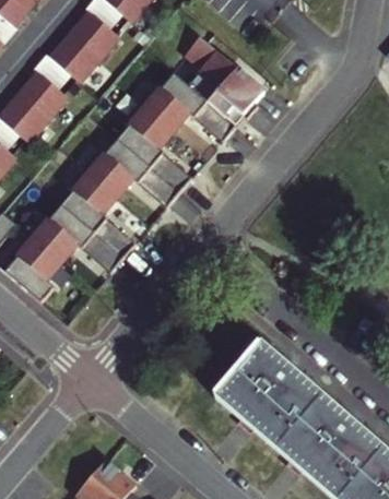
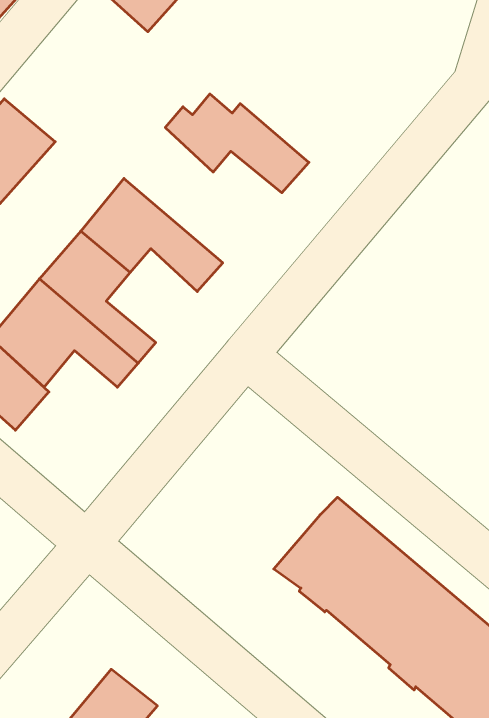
building: [47,11,119,85] -> none
building: [185,32,266,116] -> none
building: [115,92,194,185] -> none

